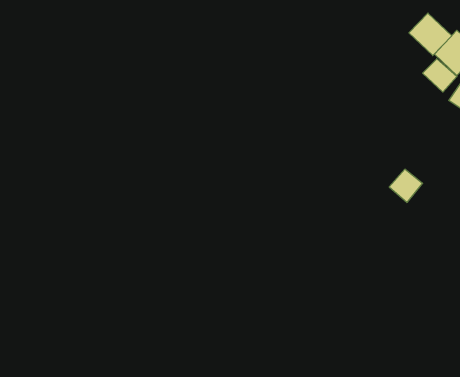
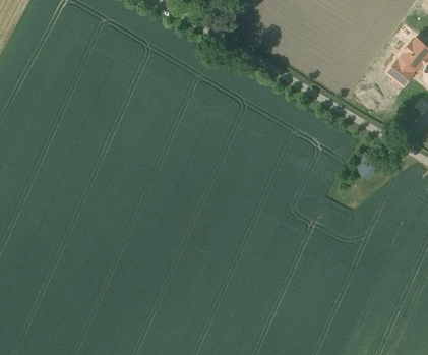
building: [409,13,452,56] -> none

